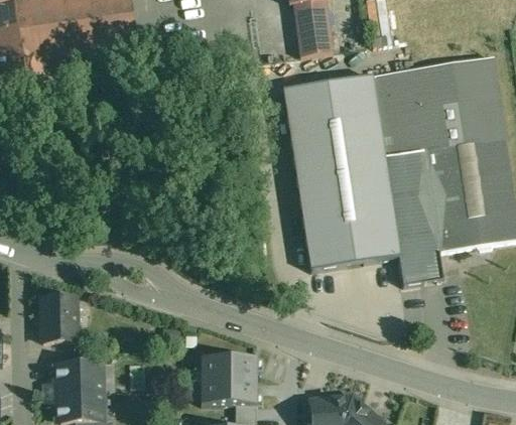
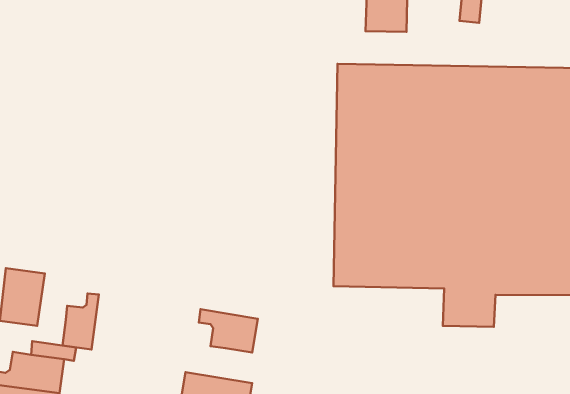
building: none -> [199,309,258,353]
building: none -> [62,293,99,350]

